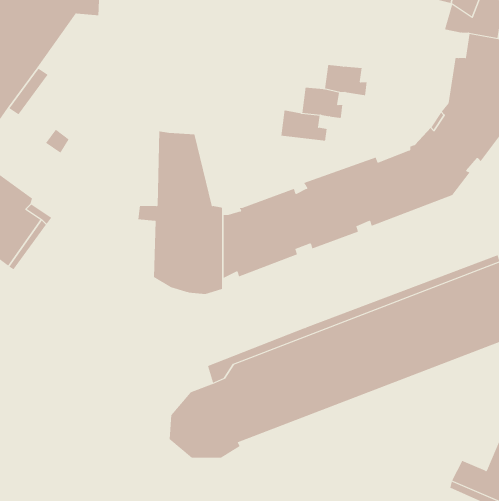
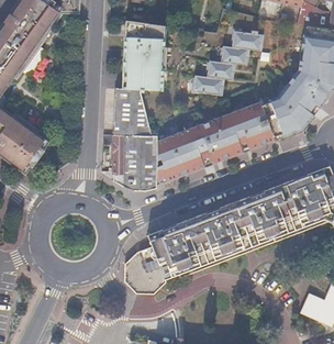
building: none -> [123,20,167,91]
building: none -> [233,31,264,51]

